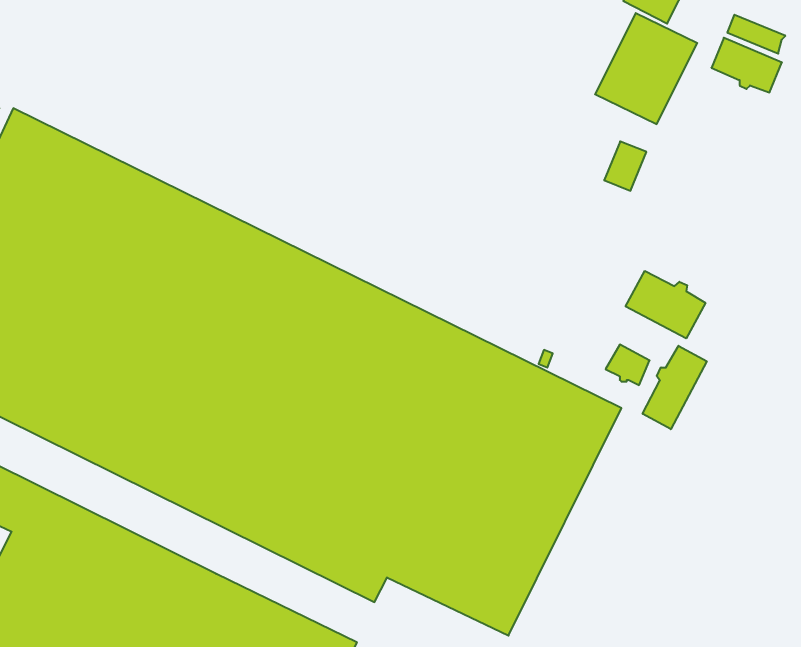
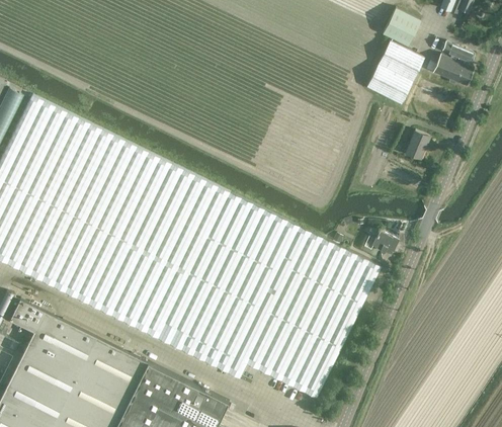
building: [604,141,646,191] -> [405,131,429,159]
building: [626,271,705,338] -> none
building: [643,346,707,429] -> none

